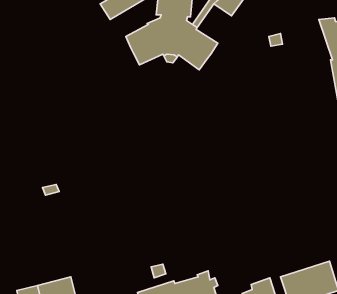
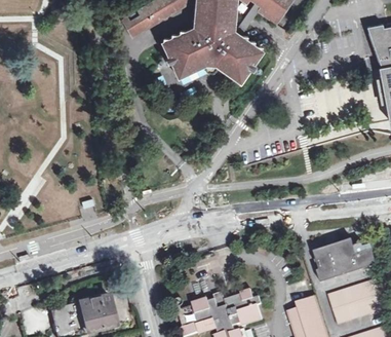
building: none -> [313,237,377,282]

